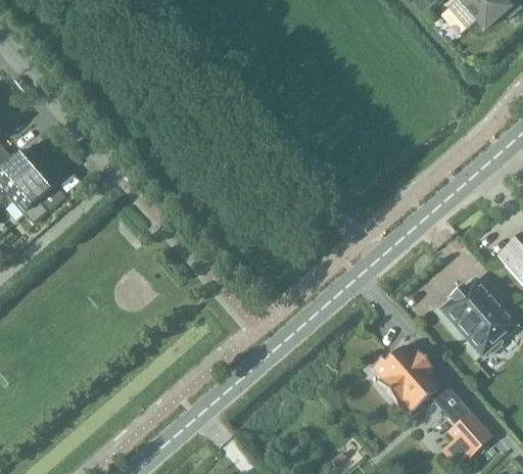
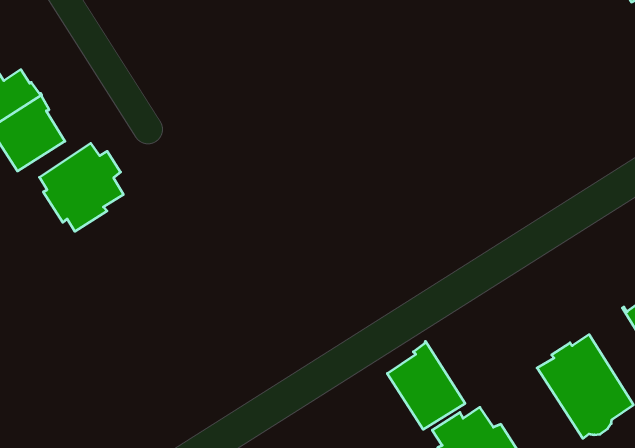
building: none -> [39,143,123,231]
building: none -> [387,341,465,429]

